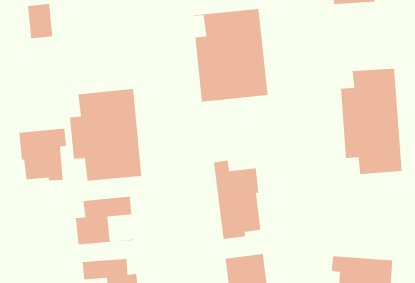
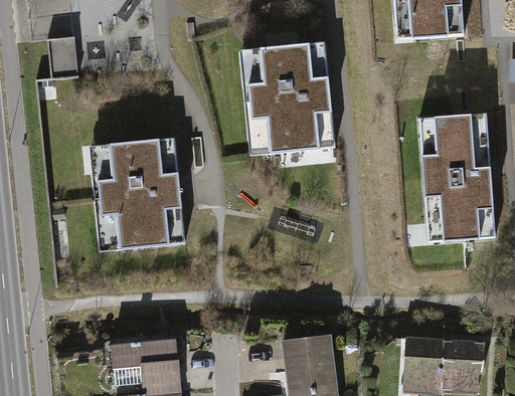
building: [18,128,67,181] -> none
building: [213,160,261,240] -> none
building: [75,196,135,245] -> none

